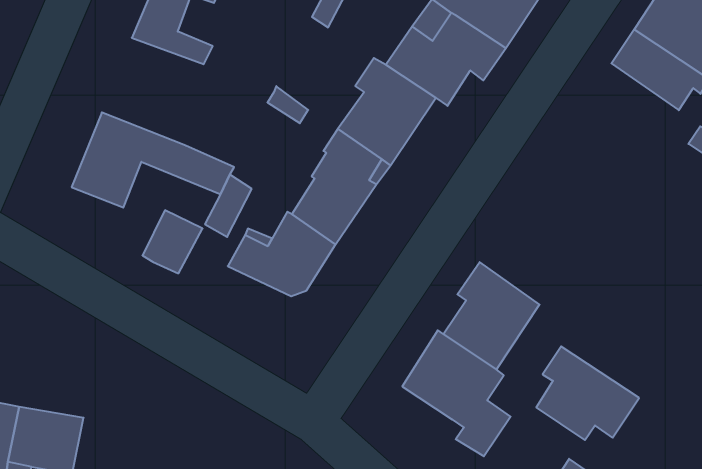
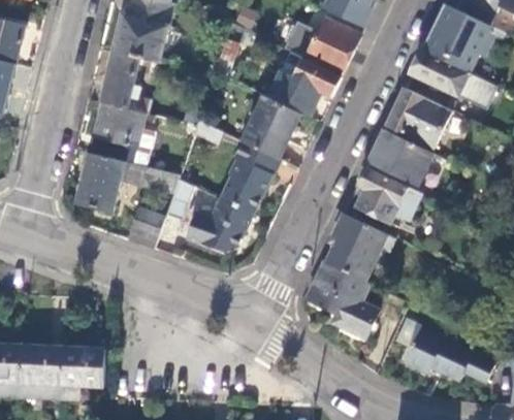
building: none -> [89,101,154,165]
building: none -> [386,88,450,147]
building: none -> [368,129,432,185]
building: [536,346,639,440] -> [356,166,421,224]

